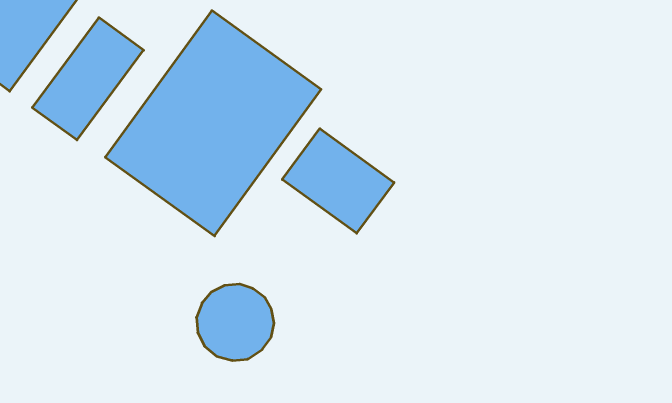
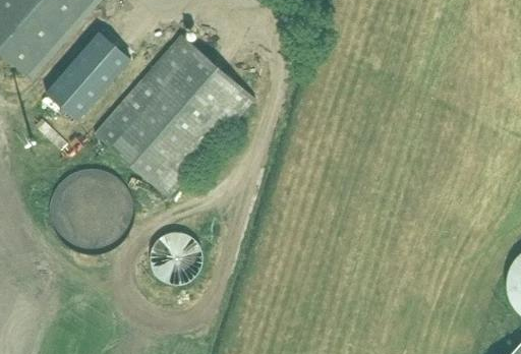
building: [282,129,394,233] -> none
building: none -> [45,165,136,256]

